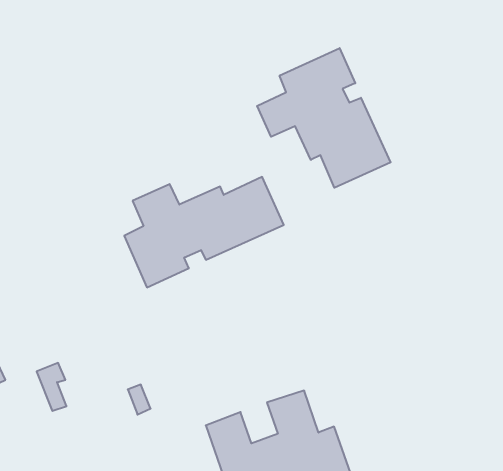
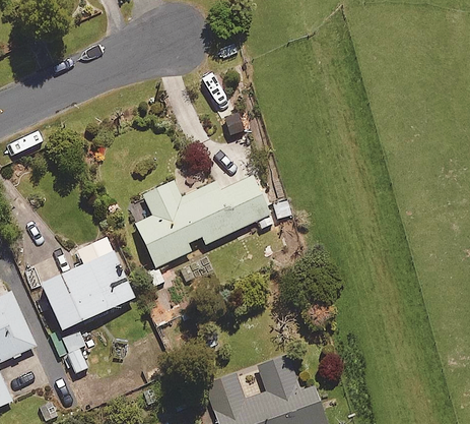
building: [257,48,391,188] -> none
building: none -> [41,238,134,328]

